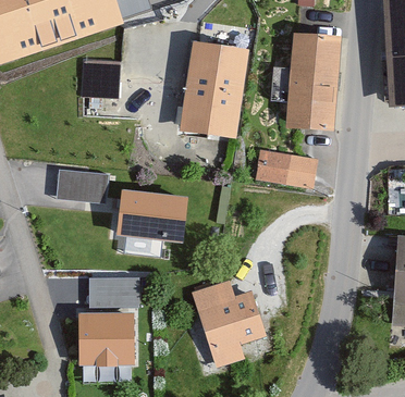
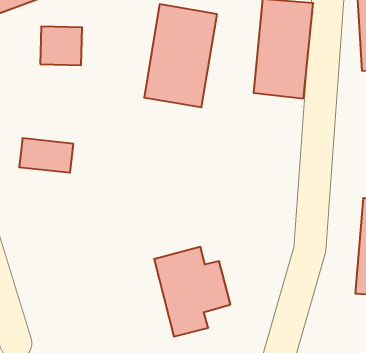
building: [254,149,317,186] -> none
building: [118,189,188,244] -> none
building: [77,284,136,367] -> none

